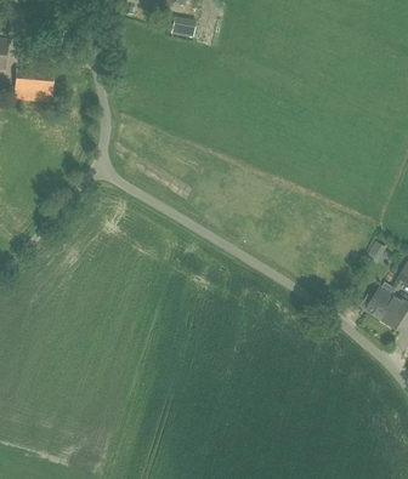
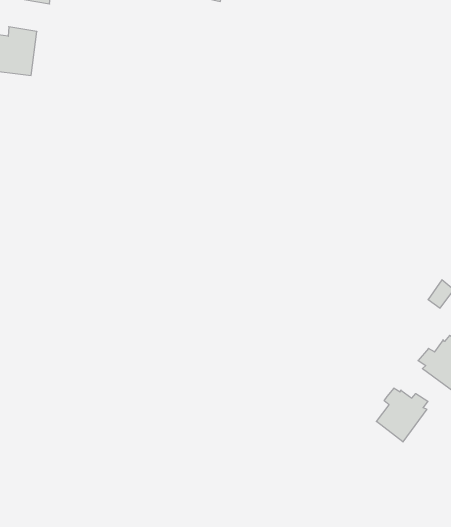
building: none -> [376,388,428,442]

